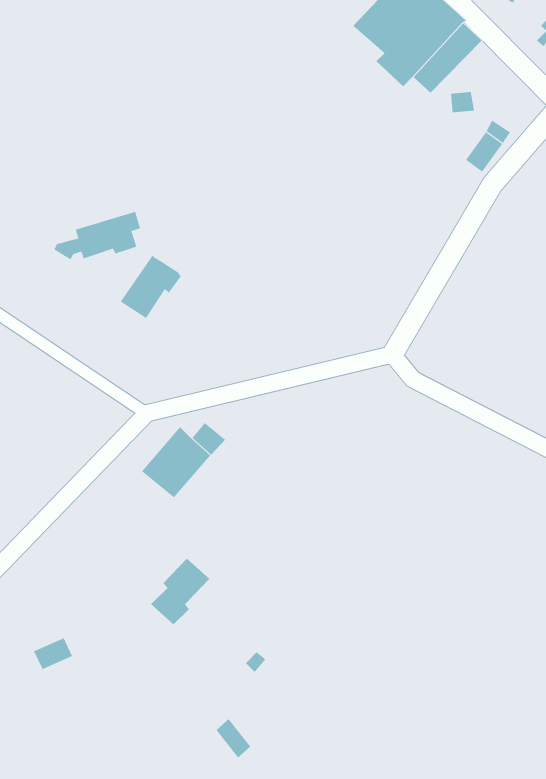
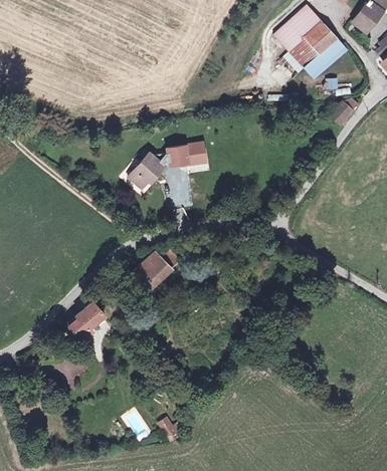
building: [54,211,141,260] -> [155,141,205,165]
building: [150,558,210,625] -> [69,302,105,339]

